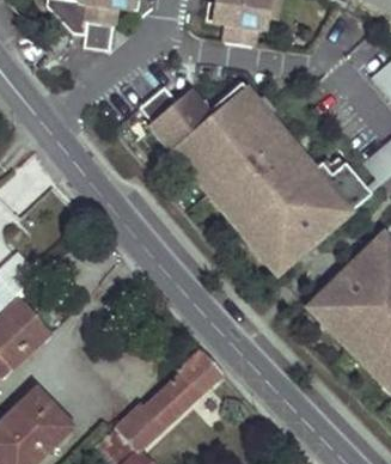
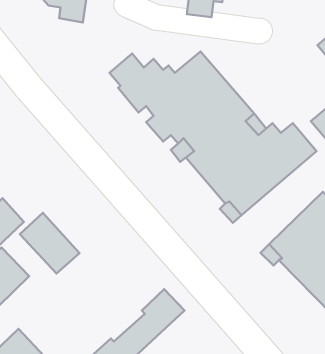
building: none -> [20,213,80,273]

